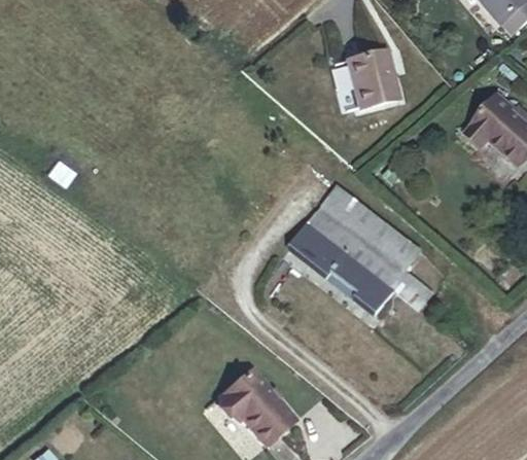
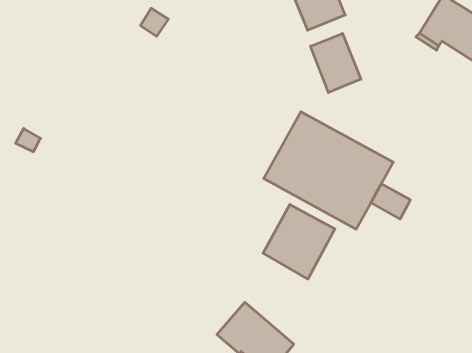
building: none -> [311,33,361,93]
building: none -> [263,204,335,279]

